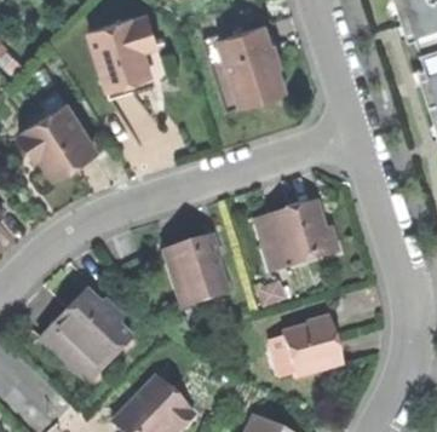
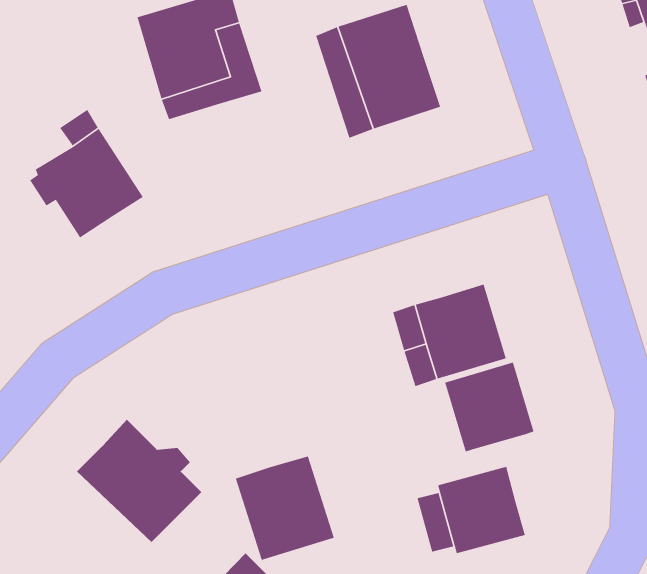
building: [163,237,228,305] -> [235,455,335,561]
building: none -> [444,361,535,453]

